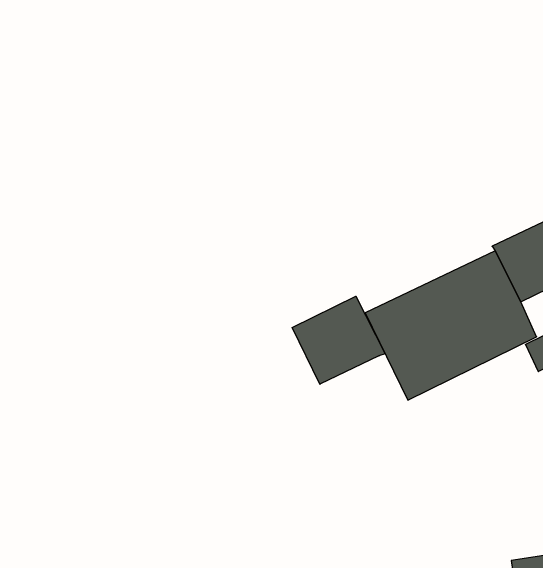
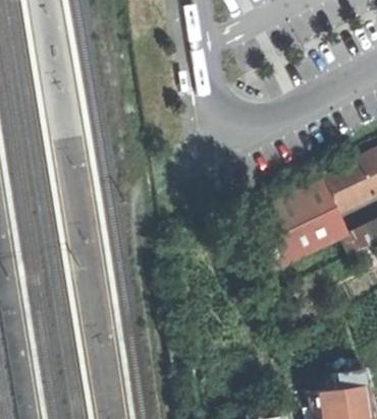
building: [292,296,385,384] -> none

